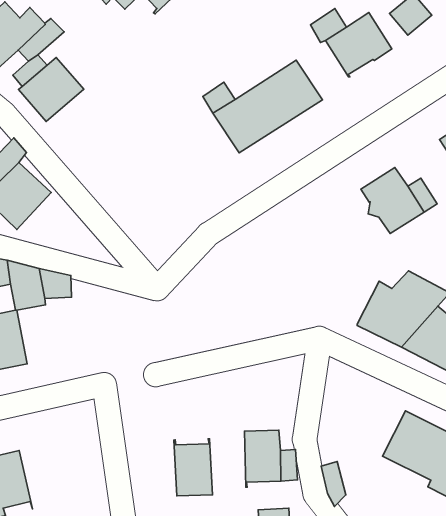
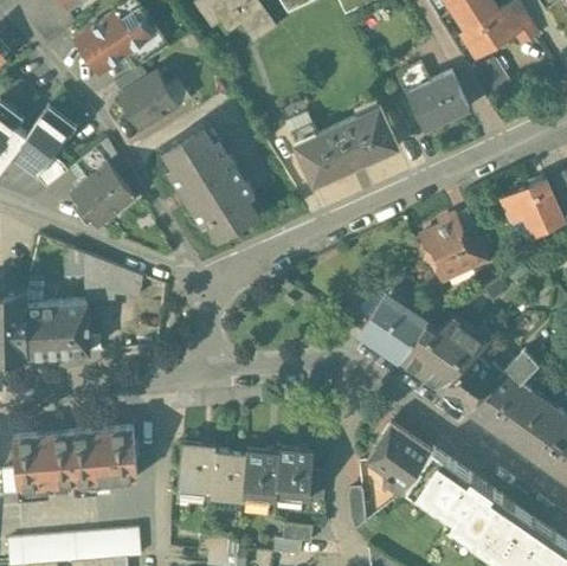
building: none -> [162,126,260,243]
building: none -> [361,297,426,361]
building: none -> [367,427,433,487]
building: none -> [244,445,282,500]
building: none -> [71,429,136,489]
building: none -> [178,440,215,496]

